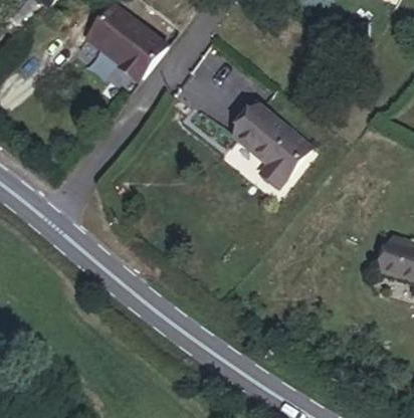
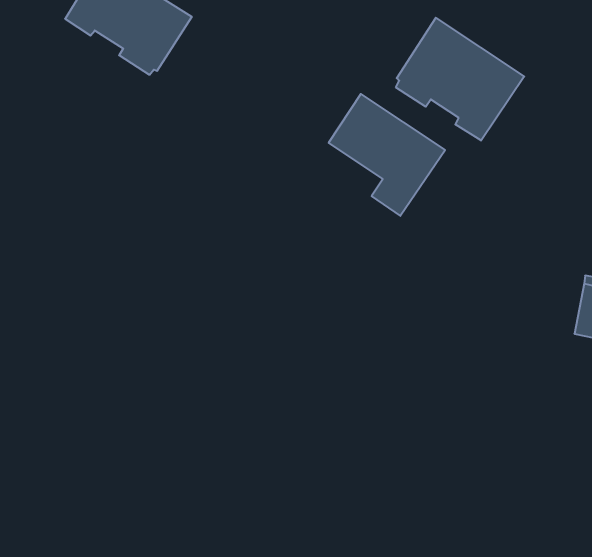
building: none -> [396,18,524,141]

